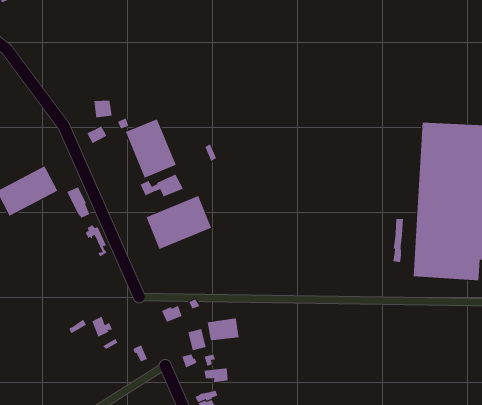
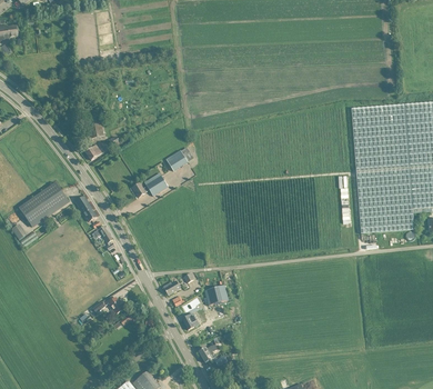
building: [125,119,177,178] -> none
building: [146,195,212,250] -> none

